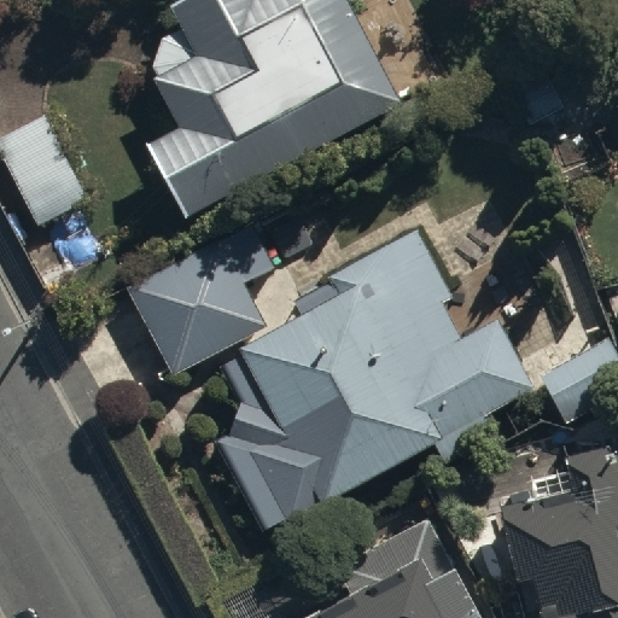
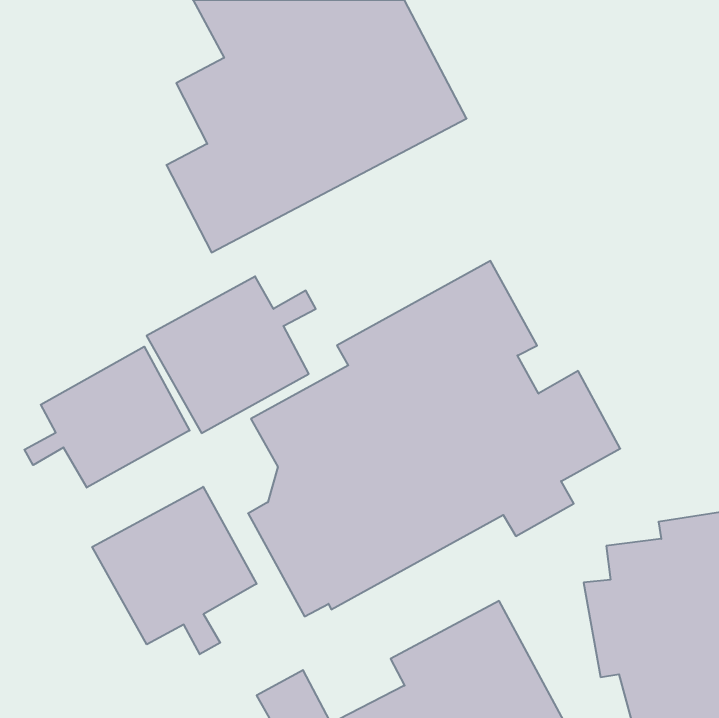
building: none -> [24,347,190,488]
building: none -> [92,487,257,654]

